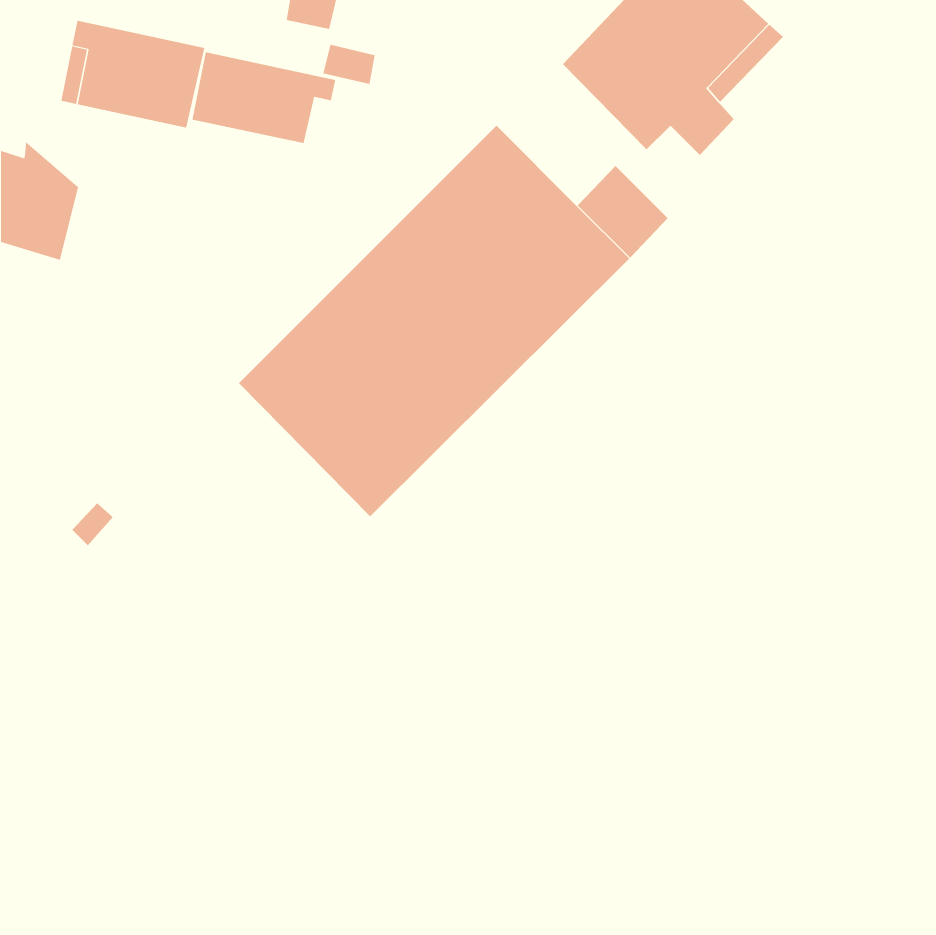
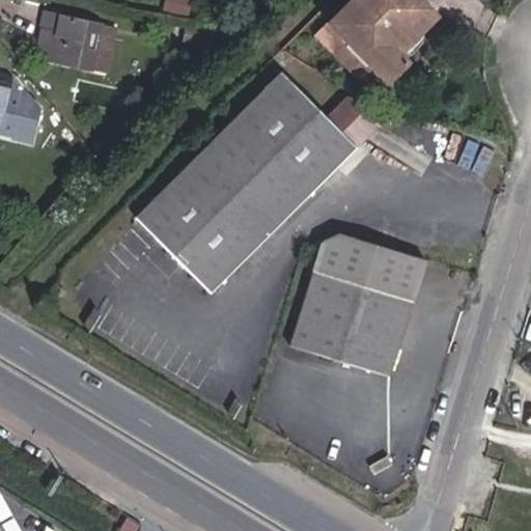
building: [192,51,336,144] -> none
building: none -> [288,232,426,375]

